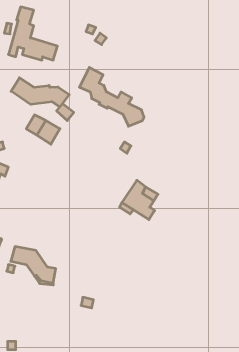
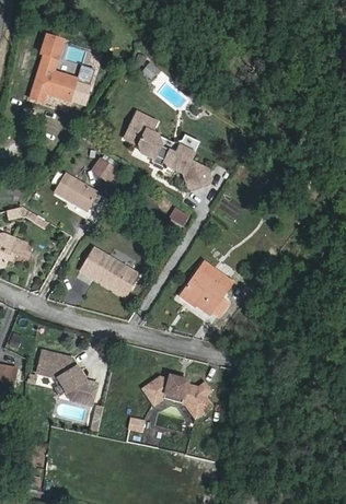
building: [11,78,69,107] -> none
building: none -> [79,249,139,300]
building: none -> [145,375,208,417]

